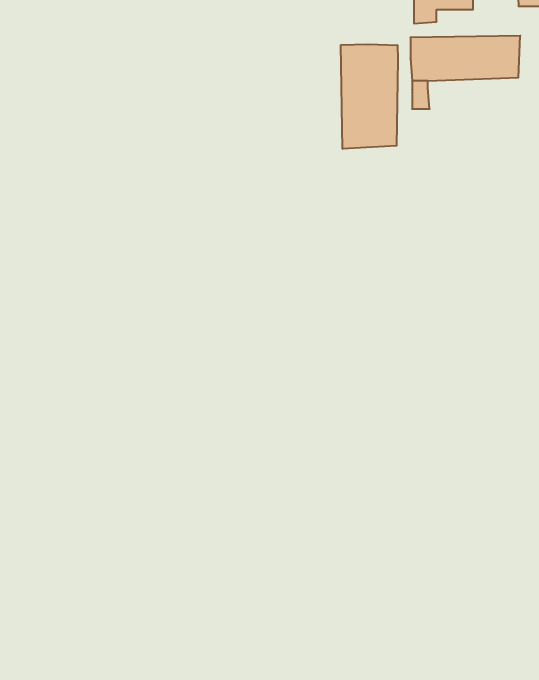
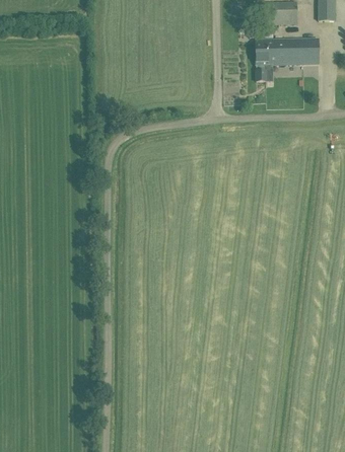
building: [341,44,398,149] -> none

